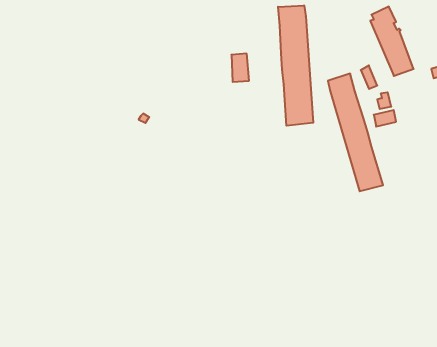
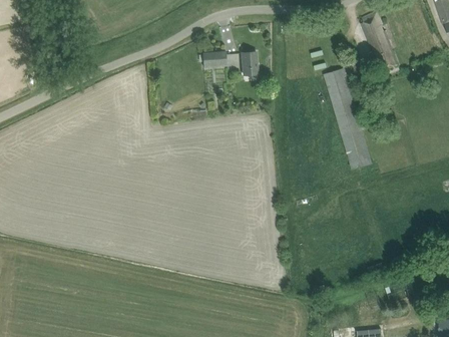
building: [278,5,313,126] -> none
building: none -> [197,51,226,66]

